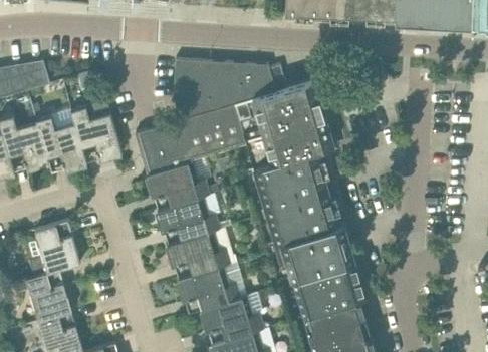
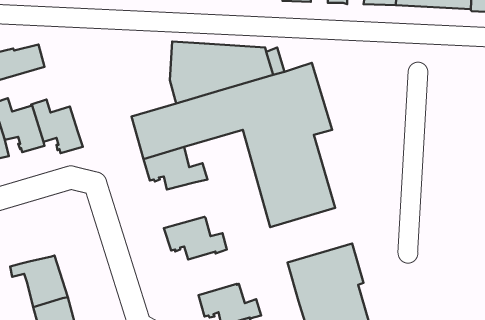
building: [71,106,121,159] -> none
building: [158,199,220,240] -> none
building: [29,221,80,277] -> none
building: [273,223,354,278] -> none
building: [179,267,240,310] -> none

